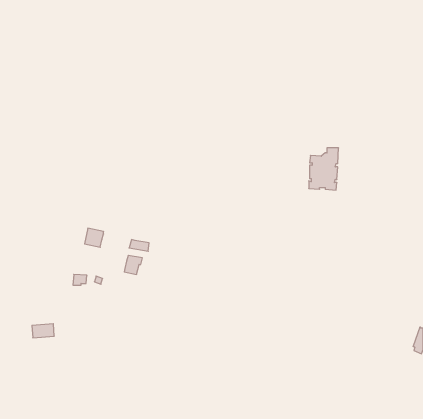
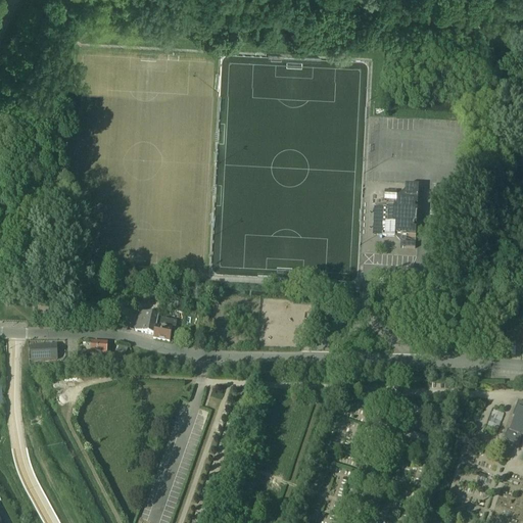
building: [85,228,104,247] -> [135,308,158,332]
building: [32,324,54,338] -> [30,341,57,359]

